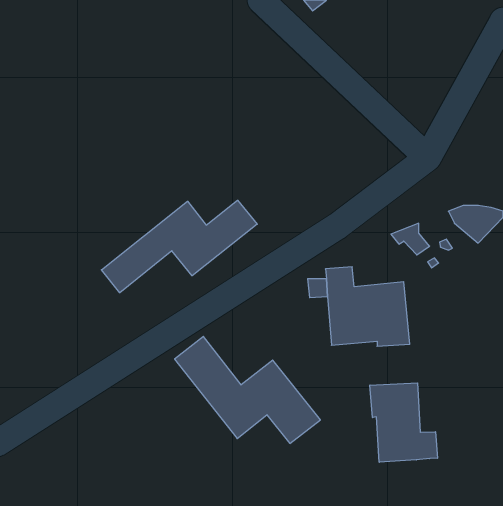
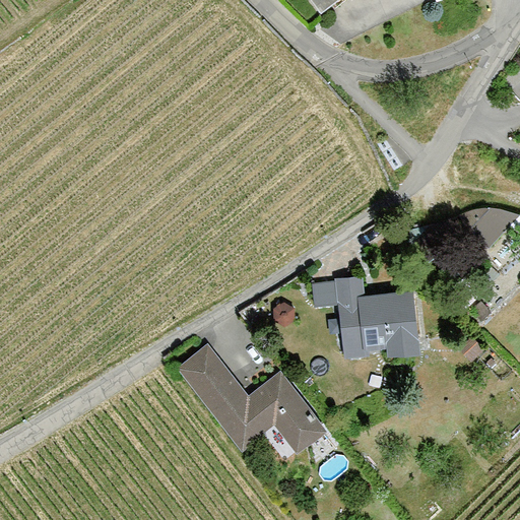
building: [101,200,257,293] -> none
building: [370,383,437,462] -> none

